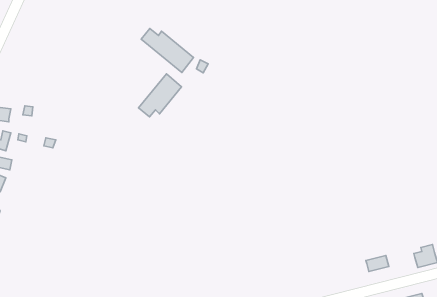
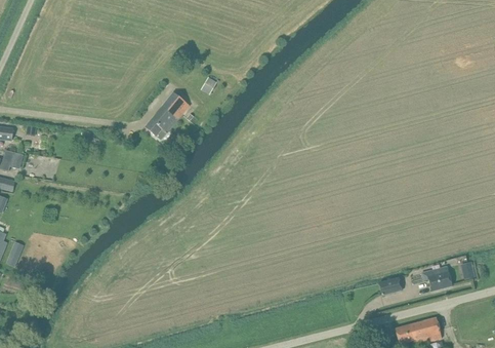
building: [141,29,193,73] -> none

